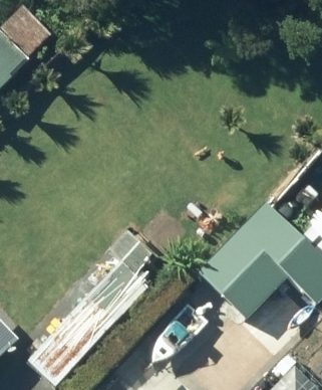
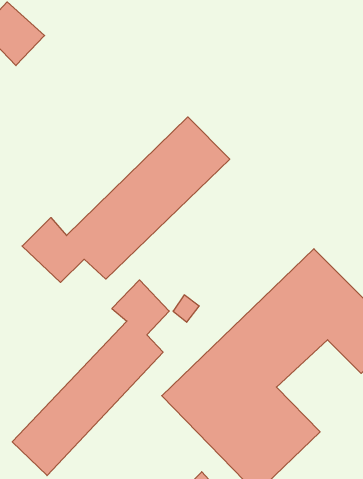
building: none -> [22,117,230,282]

